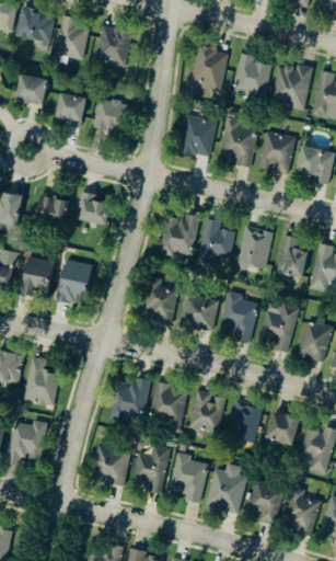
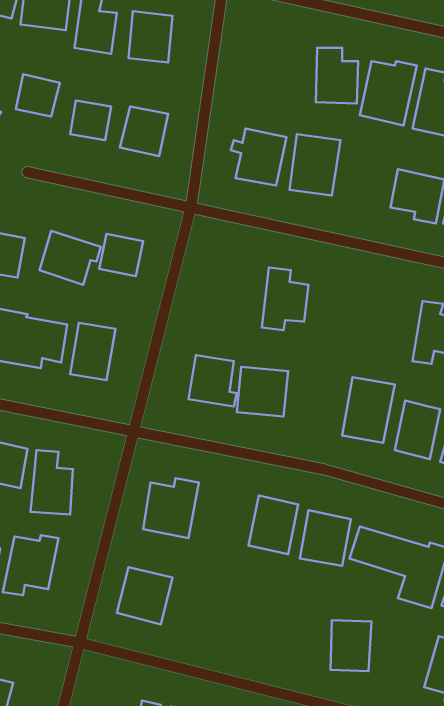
building: [192,46,230,91] -> none
building: [259,133,293,174] -> none
building: [159,215,199,256] -> none
building: [237,227,273,271] -> none
building: [276,236,315,279] -> none
building: [218,290,259,341] -> none
building: [149,383,187,422] -> none
building: [131,445,169,493] -> none
building: [169,453,209,504] -> none
building: [206,462,246,513] -> none
building: [281,485,323,534] -> none

